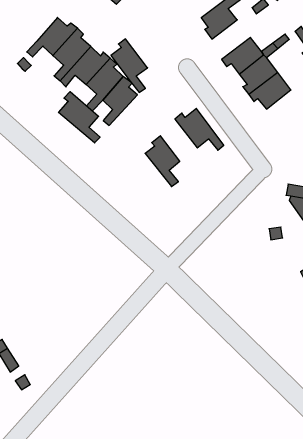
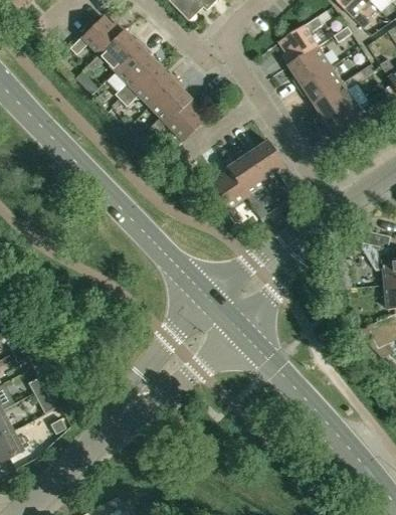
building: none -> [69,15,123,53]
building: none -> [289,45,332,88]
building: [111,39,148,92] -> [226,149,265,208]
building: [59,92,100,143] -> none

